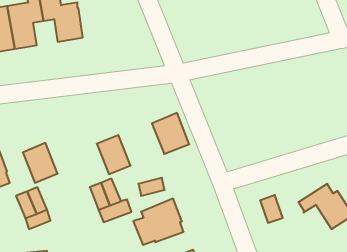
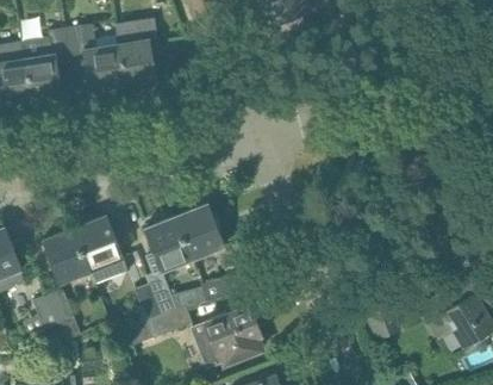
building: none -> [118,39,155,85]
building: [152,113,189,154] -> [173,204,224,260]
building: none -> [73,216,130,290]

